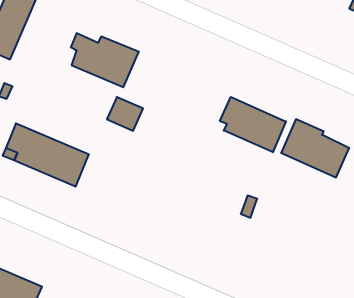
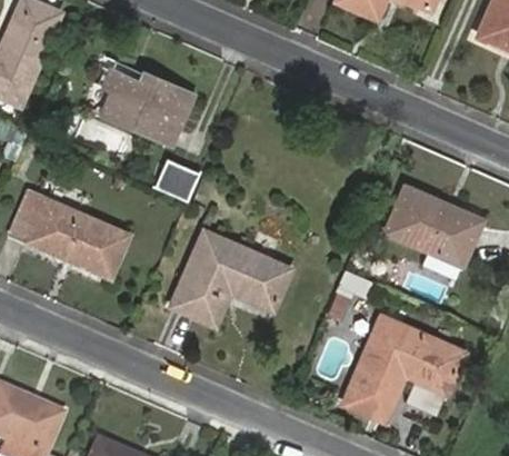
building: [220,97,286,152] -> none
building: none -> [170,231,289,324]
building: none -> [345,317,463,420]

